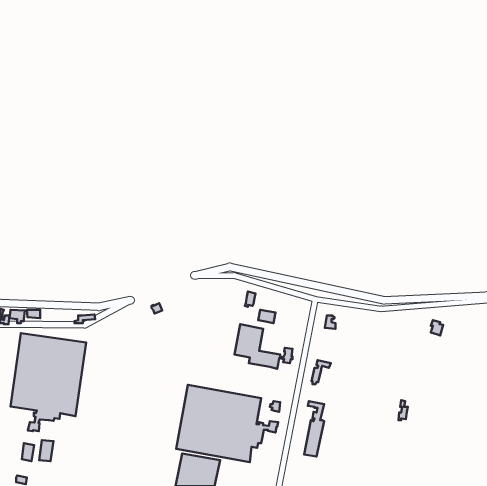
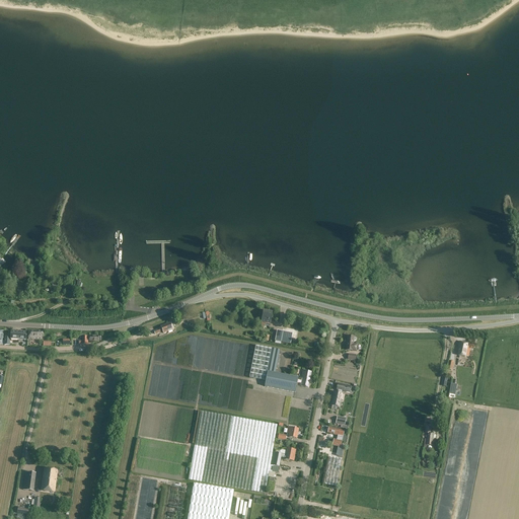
building: [10,333,86,431] -> none

